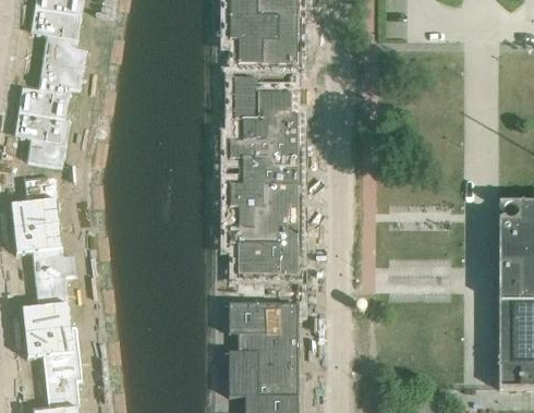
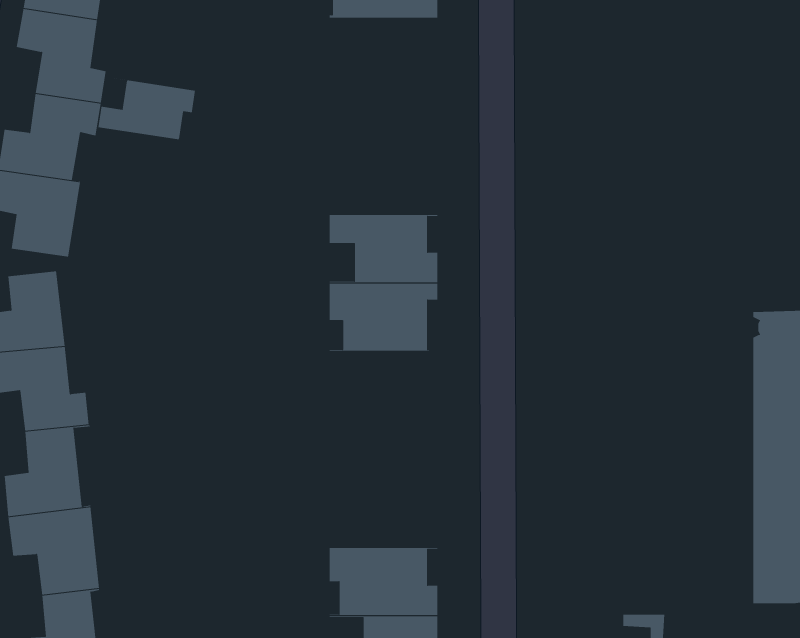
building: [229,15,299,64] -> none
building: none -> [98,76,196,142]
building: [229,77,299,141] -> none
building: [229,228,299,275] -> none
building: [229,303,299,353] -> none

